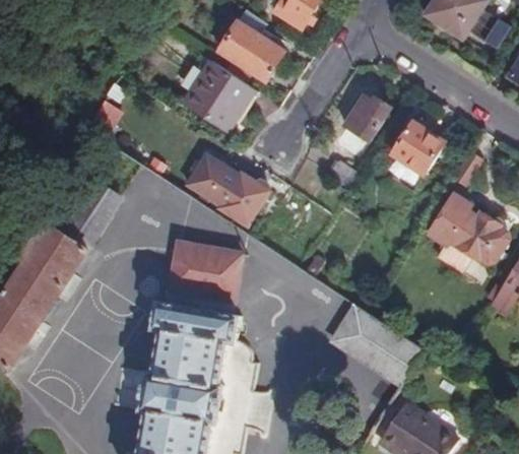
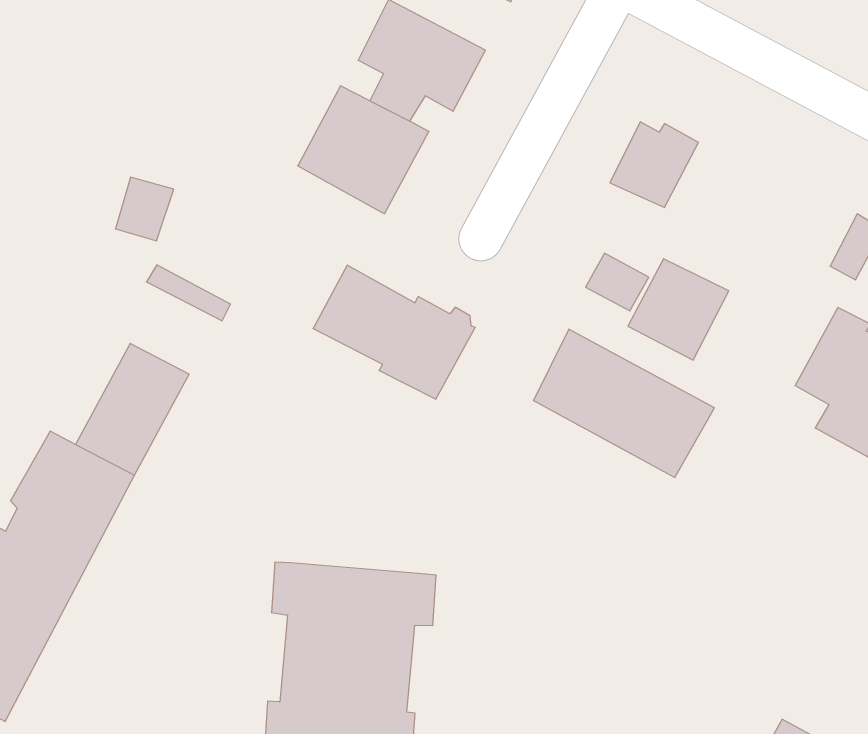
building: [390,122,443,175] -> [628,259,729,360]
building: [163,237,241,314] -> none
building: [332,306,424,386] -> [533,329,714,477]

